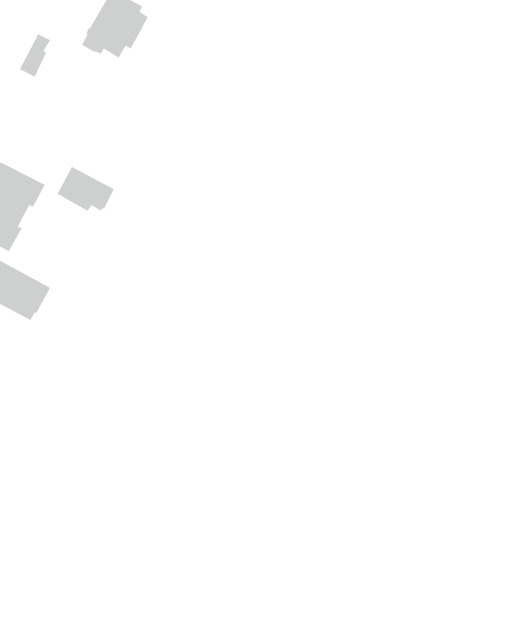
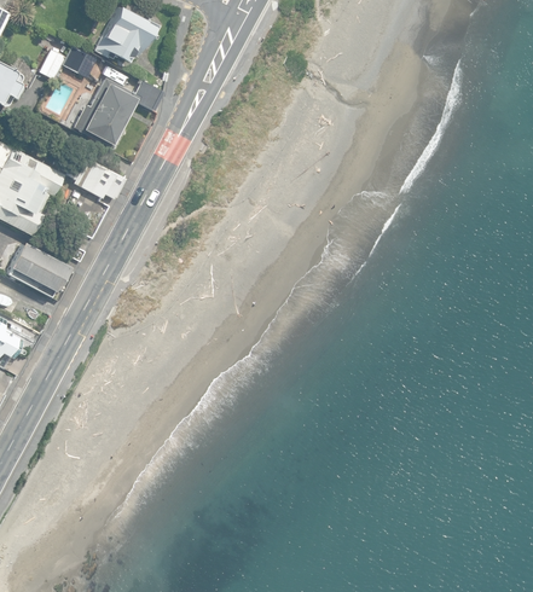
building: none -> [63,47,97,77]
building: none -> [73,71,163,149]

